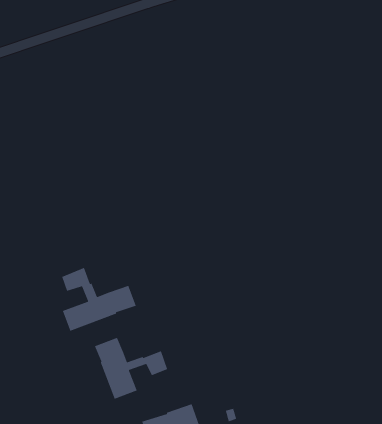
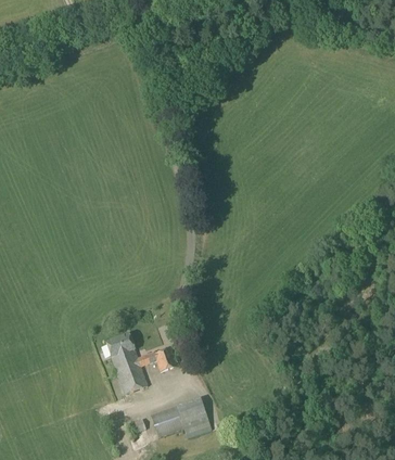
building: [61,267,137,332] -> none

